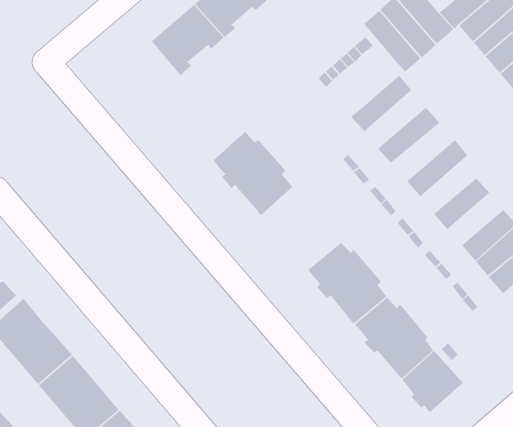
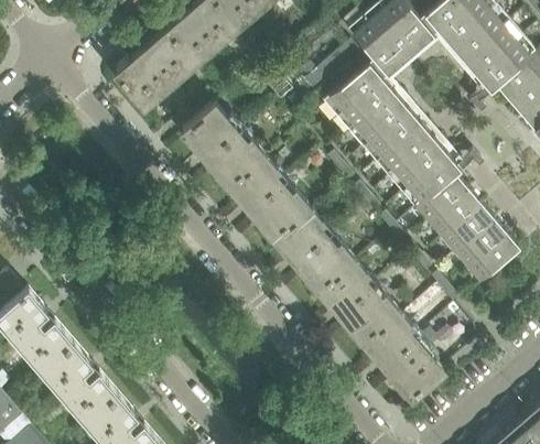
building: none -> [117,47,176,107]
building: none -> [324,61,389,119]
building: none -> [350,94,409,149]
building: none -> [184,105,238,160]
building: none -> [376,124,436,180]
building: none -> [403,155,463,210]
building: none -> [252,185,328,263]
building: none -> [429,191,482,240]

